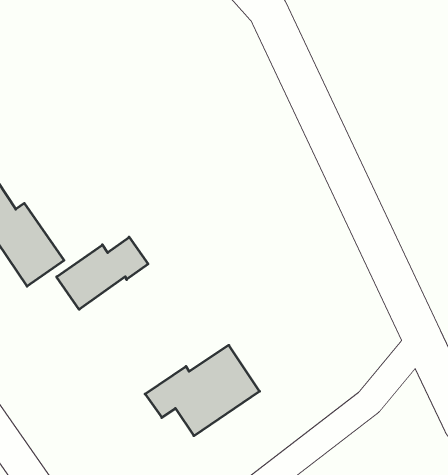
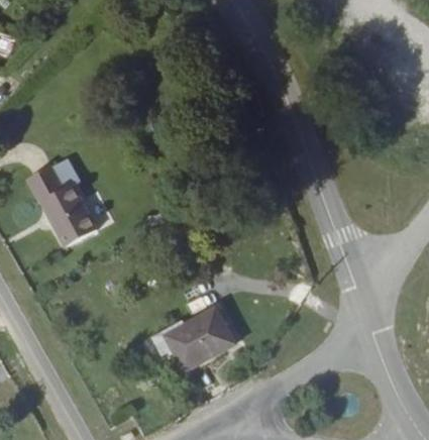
building: [57,237,148,309] -> none

